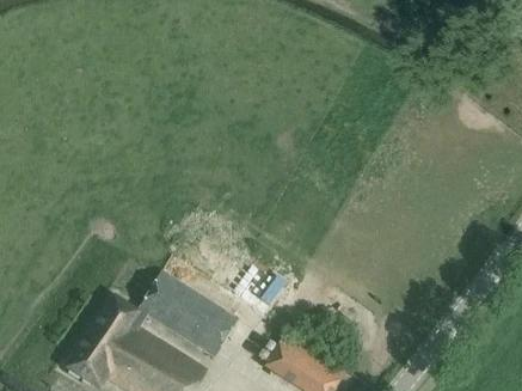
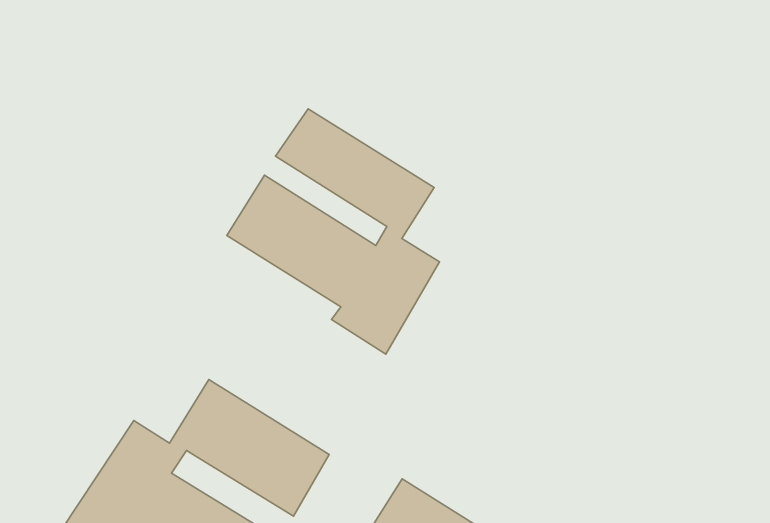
building: none -> [227,109,440,354]

